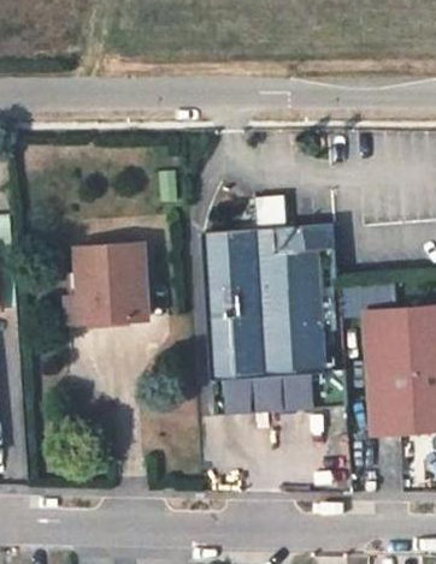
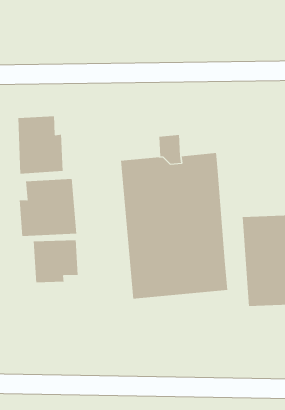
building: none -> [18,115,63,174]
building: none -> [33,239,78,283]

